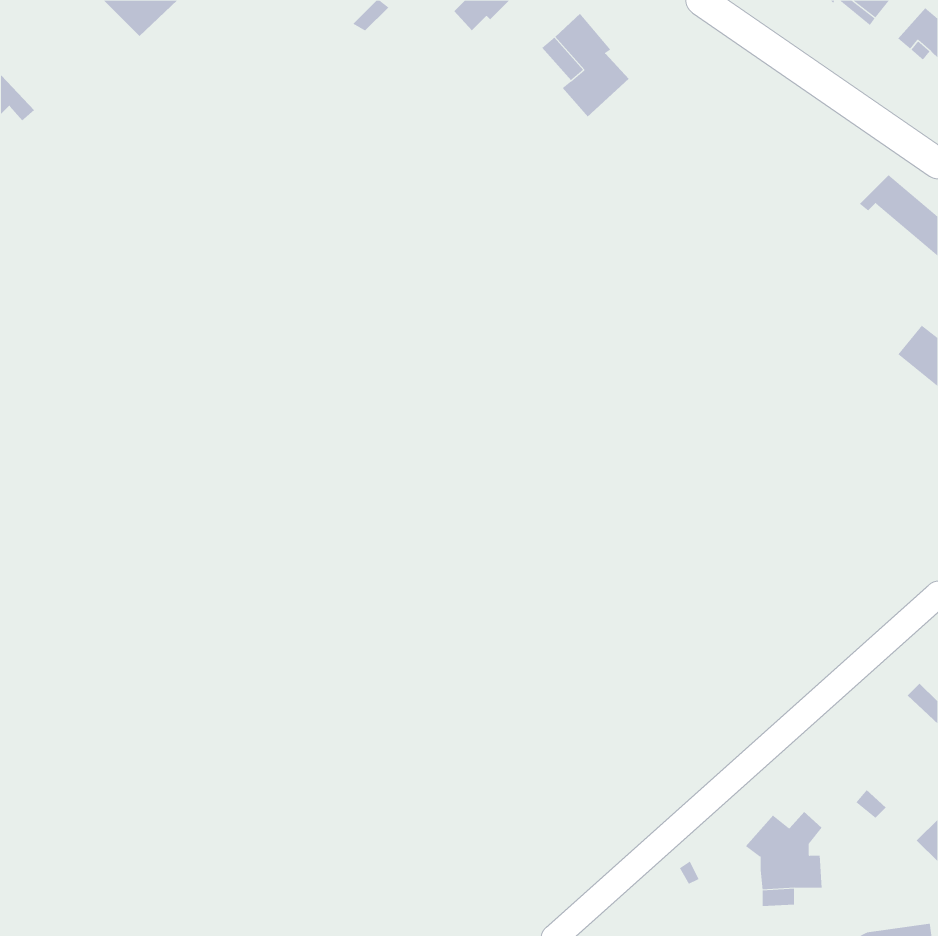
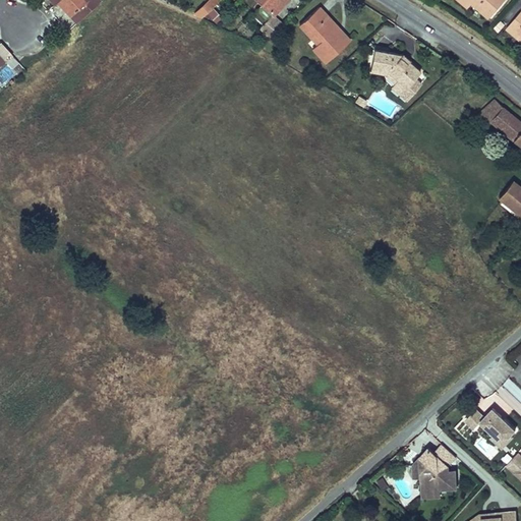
building: none -> [370,49,420,99]
building: none -> [465,411,516,442]

